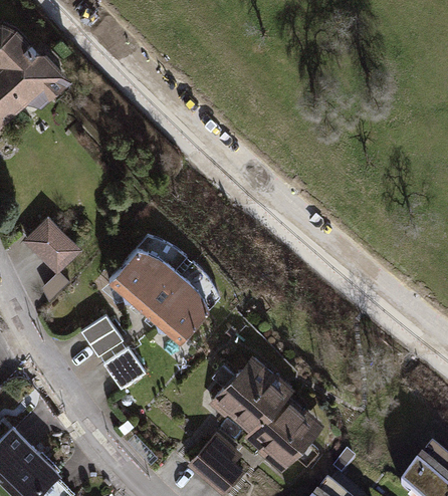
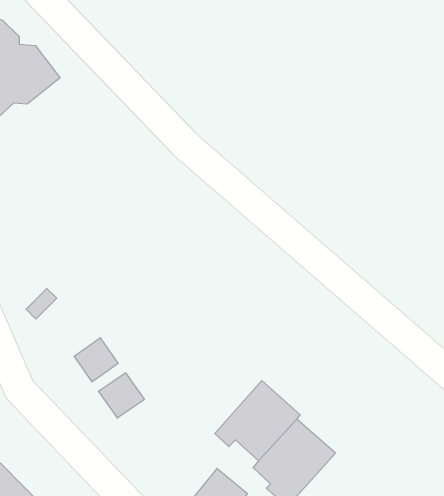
building: [23,217,79,272] -> none
building: [114,248,208,338] -> none

